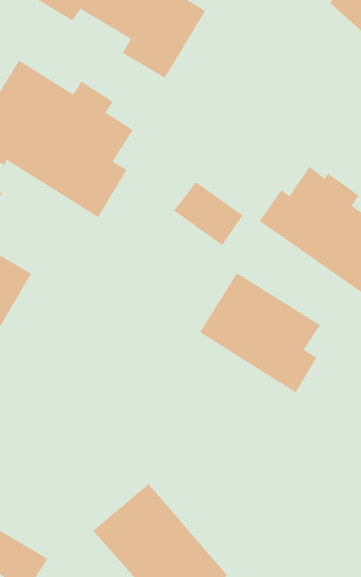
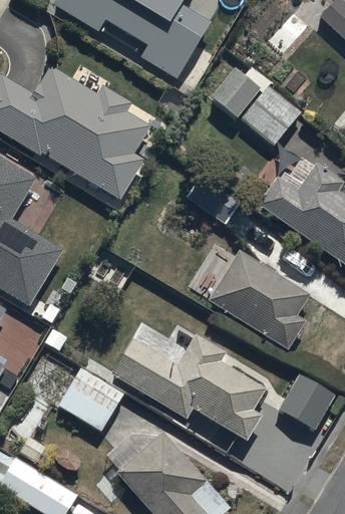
building: none -> [206,63,303,148]
building: none -> [110,334,266,441]
building: none -> [55,363,125,432]
building: none -> [280,372,337,430]

